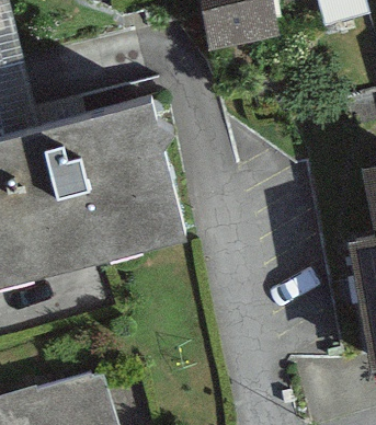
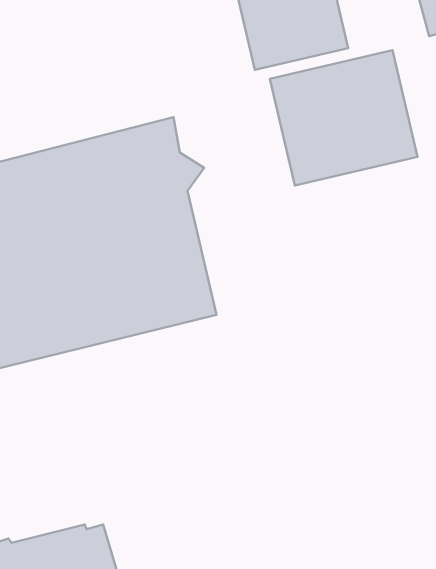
building: none -> [270,50,418,185]

